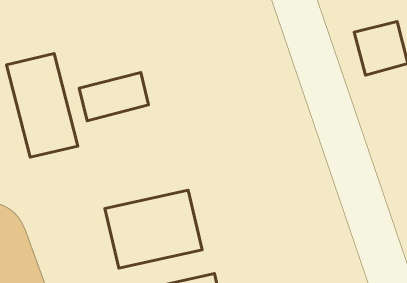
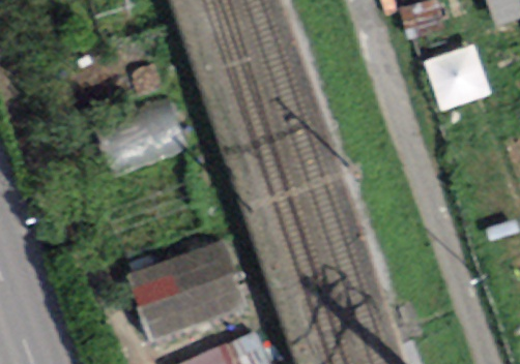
building: [6,53,78,157] -> none

